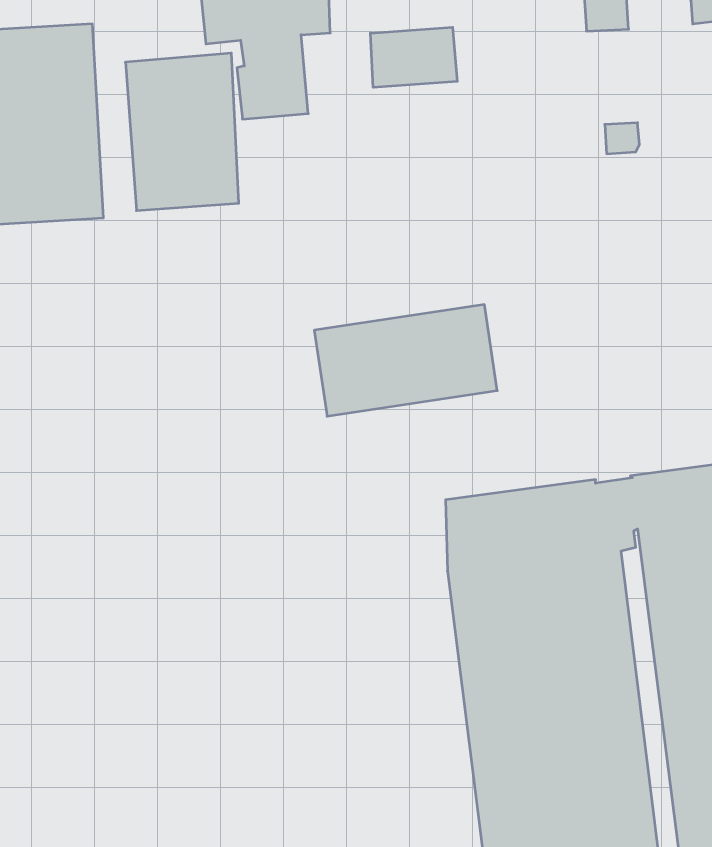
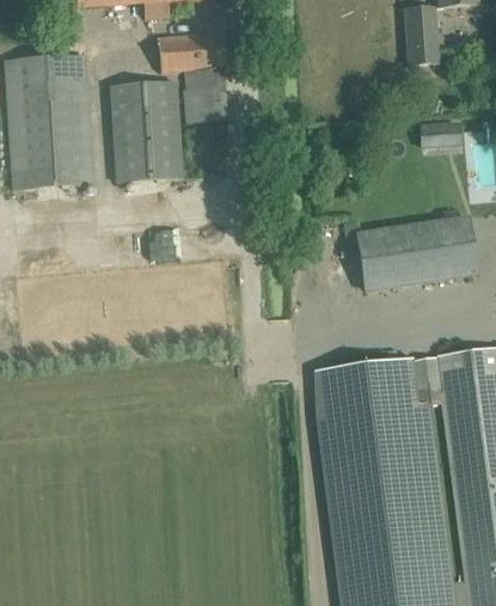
building: [370,27,457,87] -> none
building: [314,305,497,416] -> [356,216,476,289]

